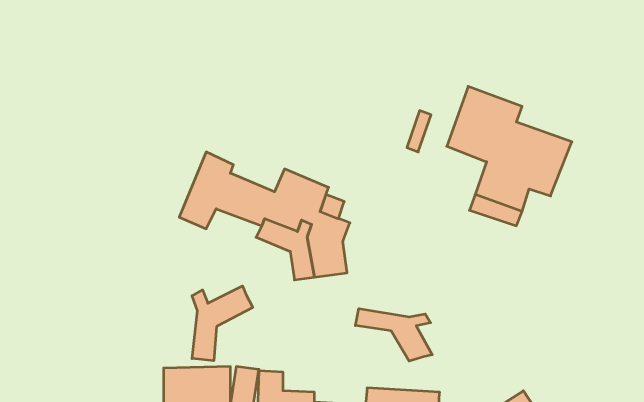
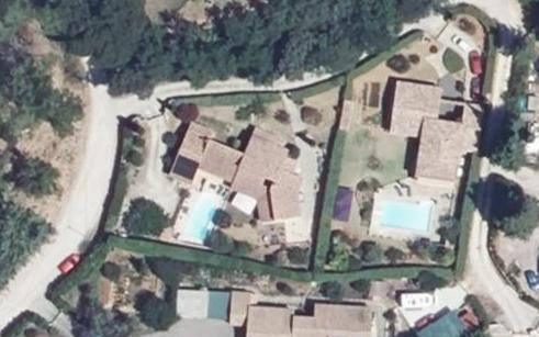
building: [192,286,253,361] -> none
building: [355,309,432,361] -> none

